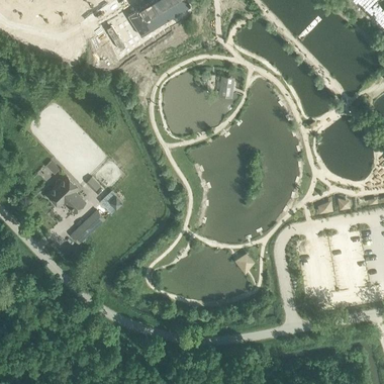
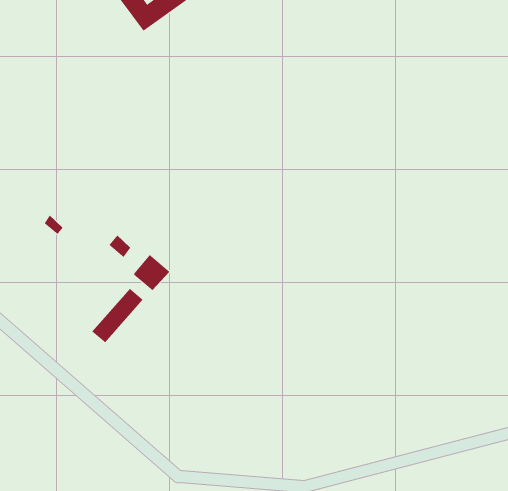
building: [46,176,84,212] -> none

